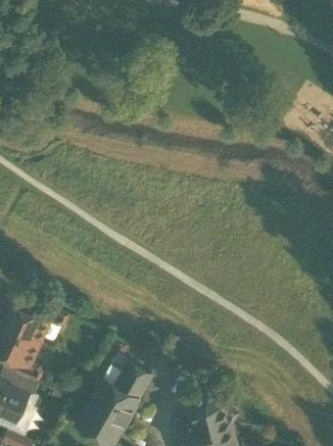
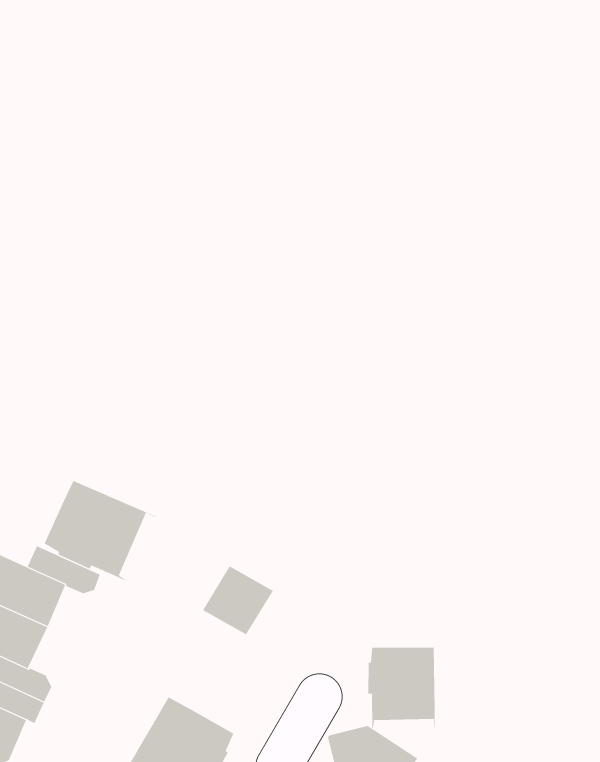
building: none -> [44,480,157,581]
building: none -> [368,647,436,729]
building: [115,362,153,399] -> [202,566,274,635]

